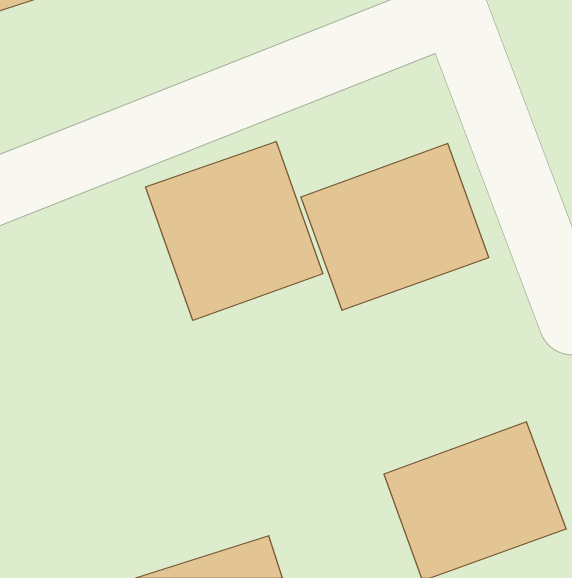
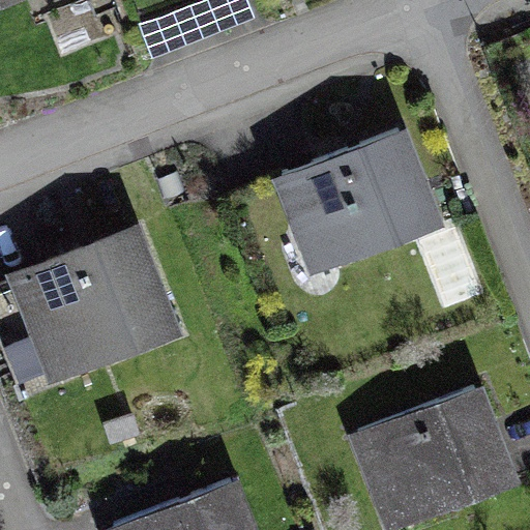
building: [146,141,323,320] -> none
building: none -> [8,226,180,383]

